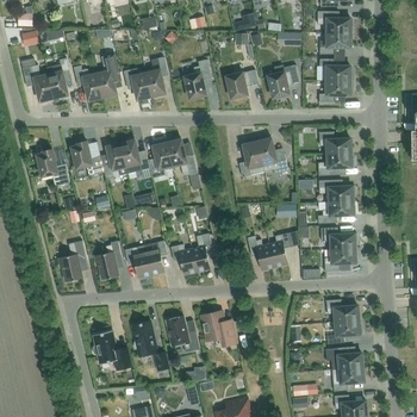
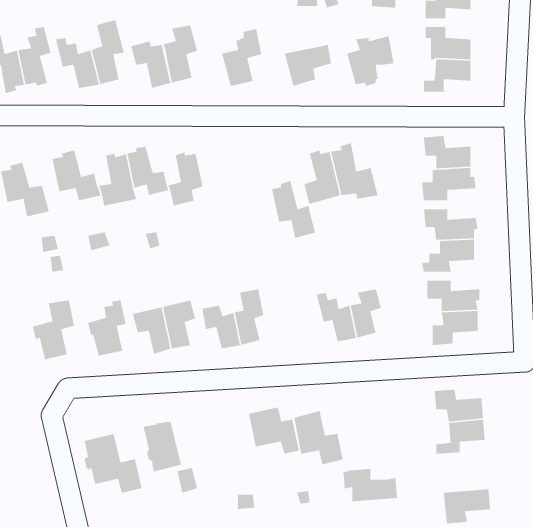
building: [167,136,197,175] -> [271,180,316,239]
building: [166,315,199,351] -> [293,410,343,465]
building: [325,346,362,368] -> [343,468,398,502]

